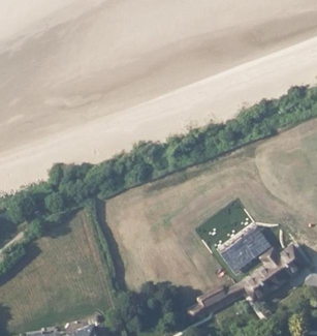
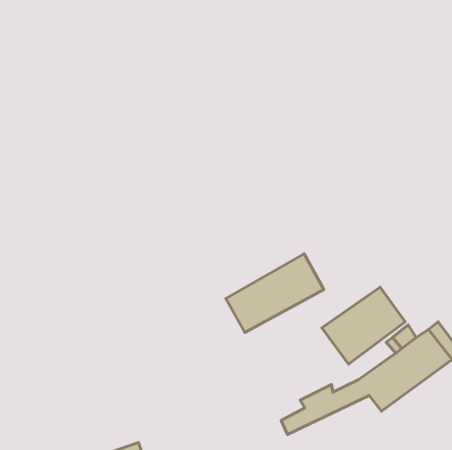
building: none -> [226,254,324,332]

